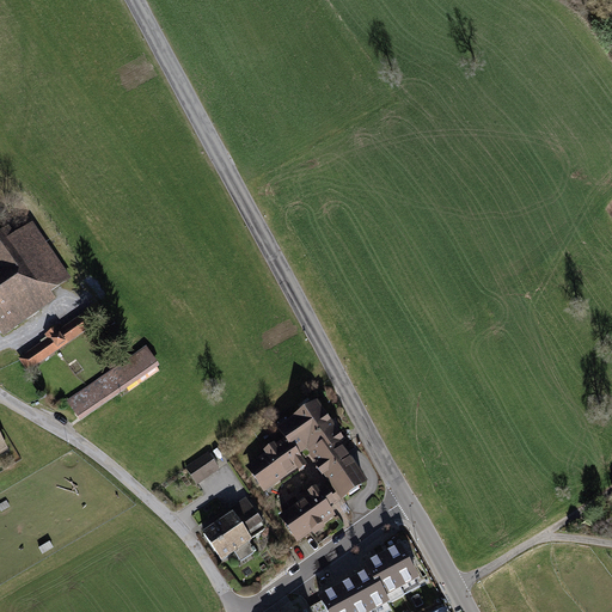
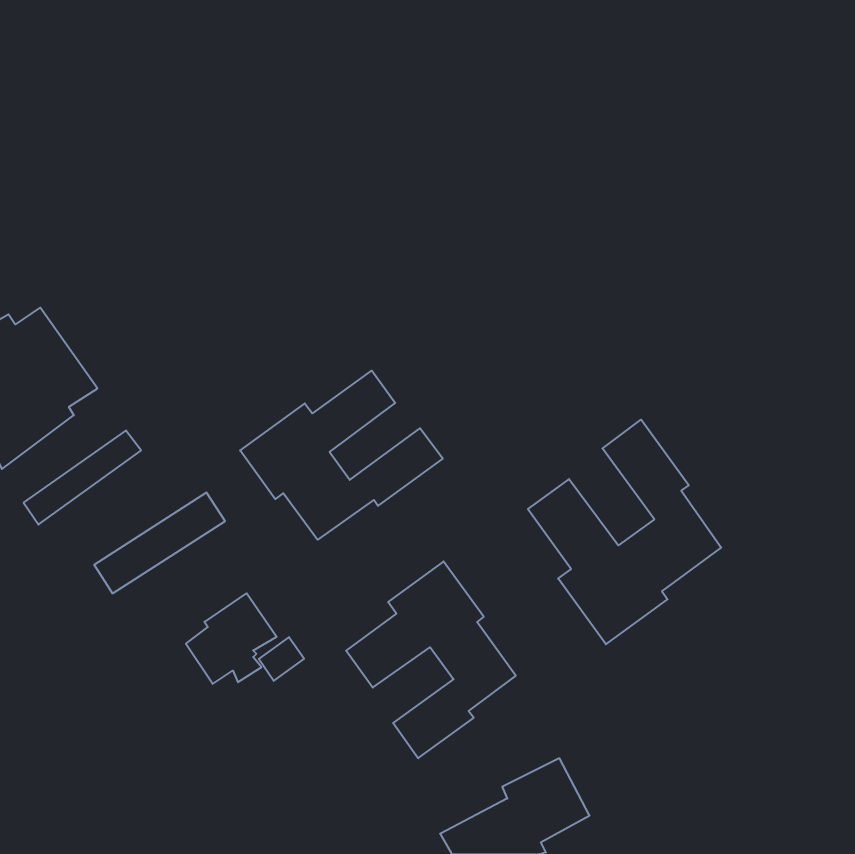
building: none -> [240,371,443,540]
building: none -> [528,420,721,644]
building: [201,495,265,559] -> [186,593,277,684]

